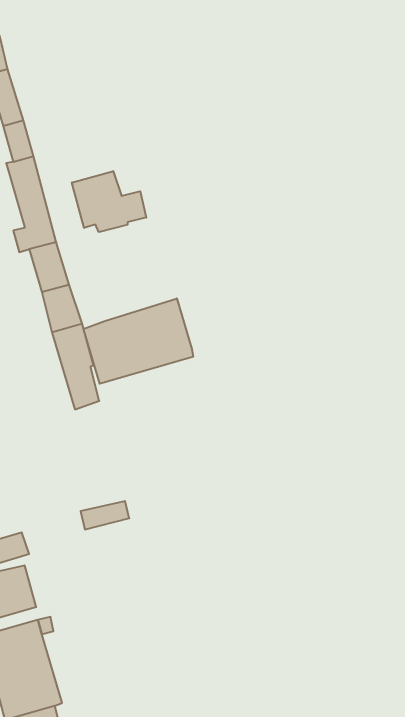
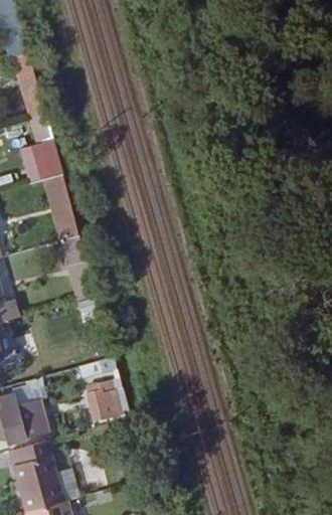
building: [72,171,146,232] -> none
building: [84,298,193,384] -> none
building: none -> [90,380,130,421]

